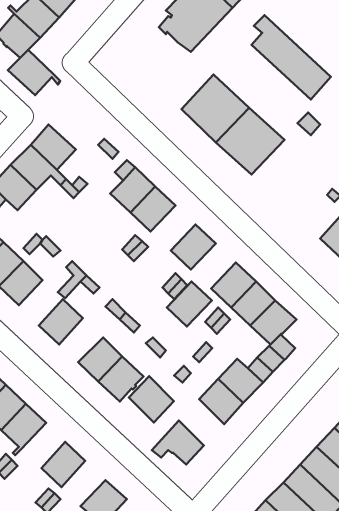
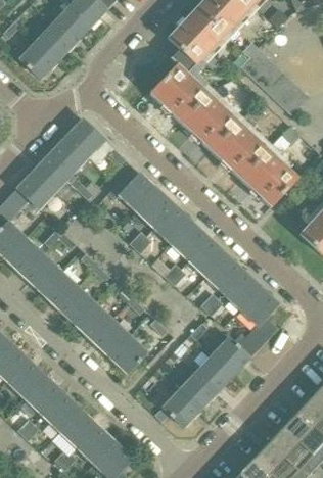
building: none -> [150,65,207,123]
building: [8,50,60,95] -> [65,118,110,157]
building: none -> [240,149,298,207]
building: none -> [153,205,192,244]
building: none -> [40,270,78,308]
building: [167,281,212,327] -> [188,238,227,277]
building: none -> [75,302,112,340]
building: [129,376,174,423] -> [178,372,217,412]
building: none -> [42,392,80,431]
building: none -> [77,425,114,464]

